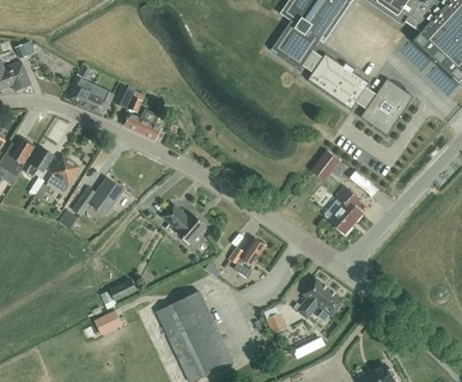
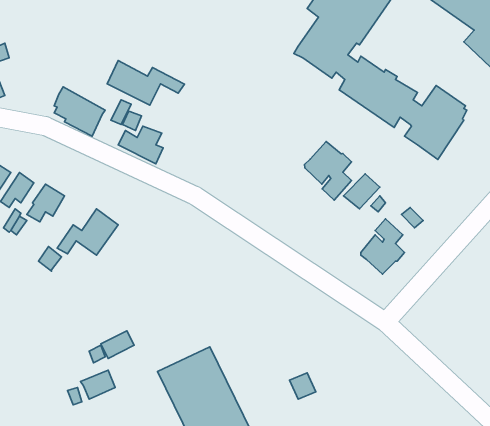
building: none -> [107,61,184,105]
building: none -> [304,141,351,200]
building: [162,202,205,243] -> none
building: [229,238,265,278] -> none
building: [297,279,344,320] -> none

